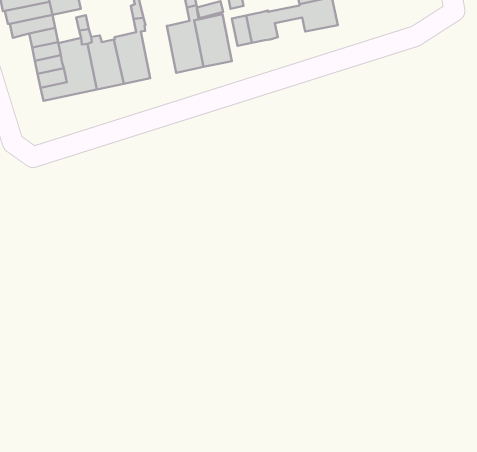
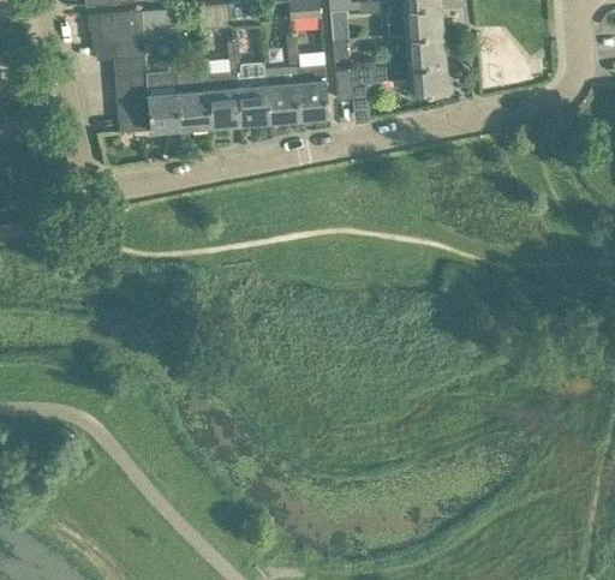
building: none -> [235,64,268,122]

